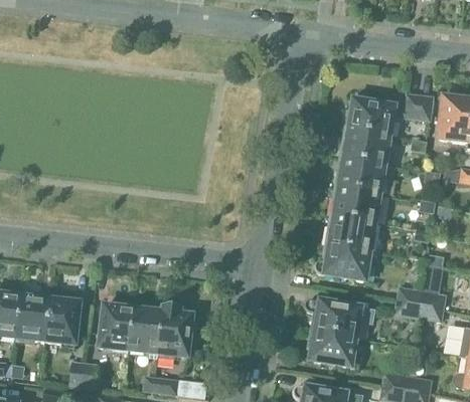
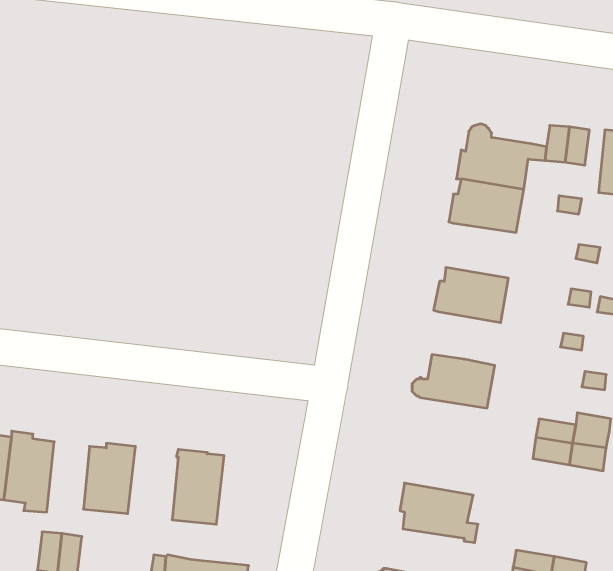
building: [335,158,384,194] -> none
building: [326,216,374,251] -> none
building: [306,299,374,337] -> none
building: [129,305,162,353] -> none

